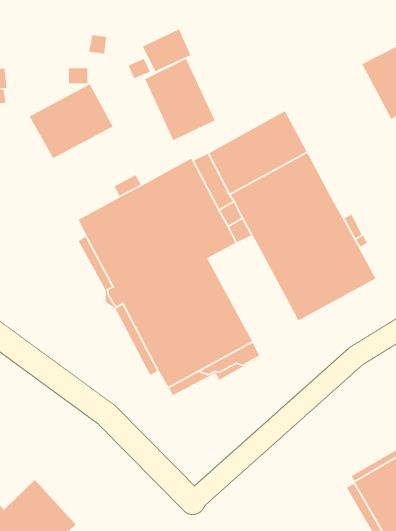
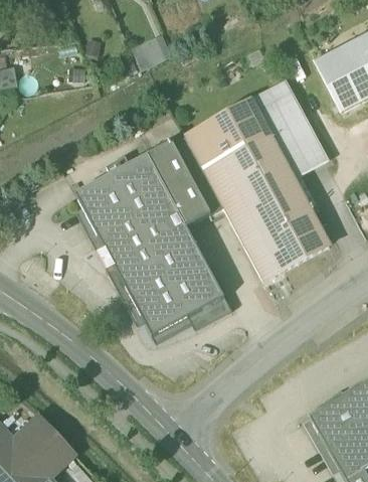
building: [144,58,216,141] -> none
building: [29,83,114,159] -> none
building: none -> [252,86,324,176]

